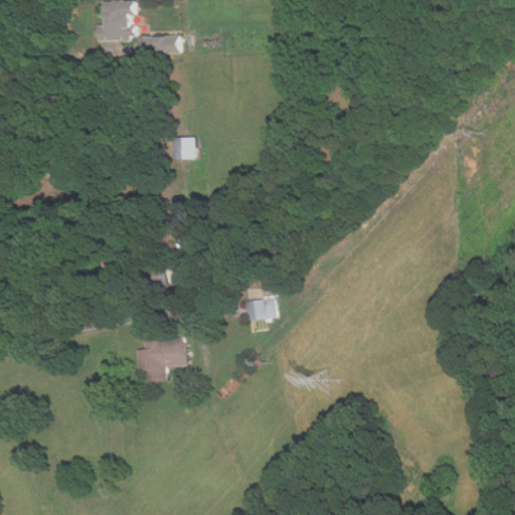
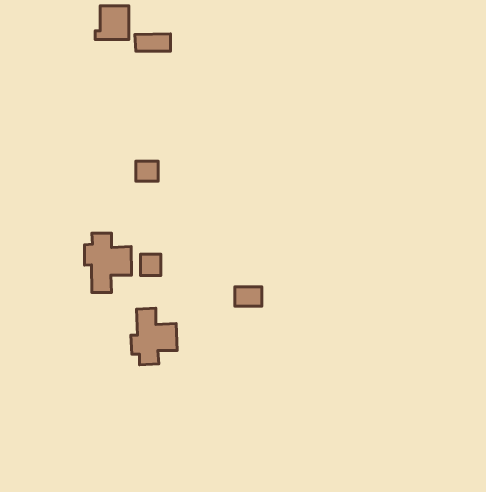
building: [172,138,195,159] -> [136,161,158,181]
building: none -> [85,233,131,292]

